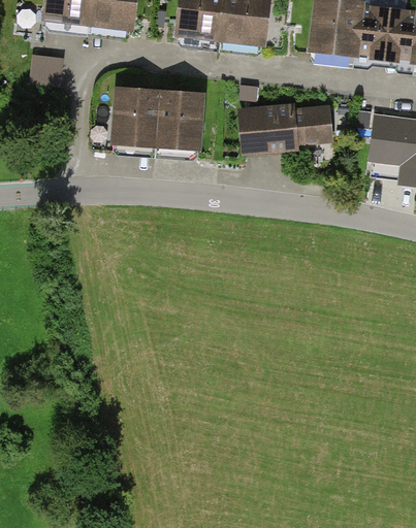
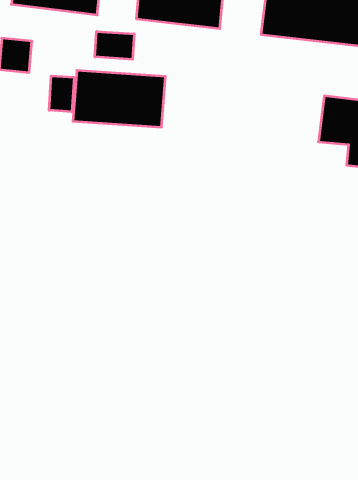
building: none -> [95,31,134,59]
building: none -> [49,76,74,112]
building: [235,105,335,155] -> none

